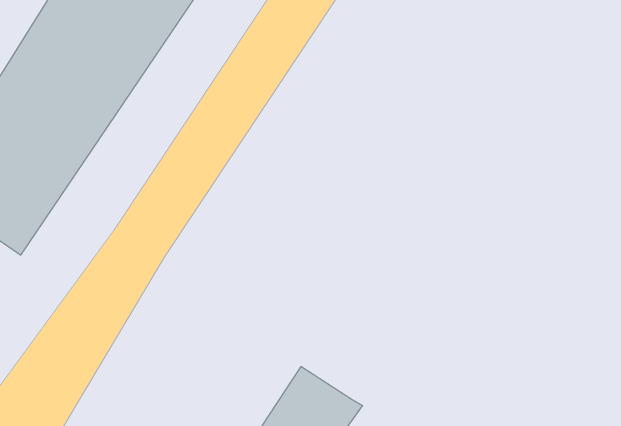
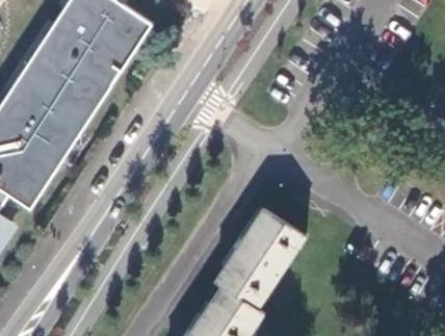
building: none -> [215,210,305,310]

